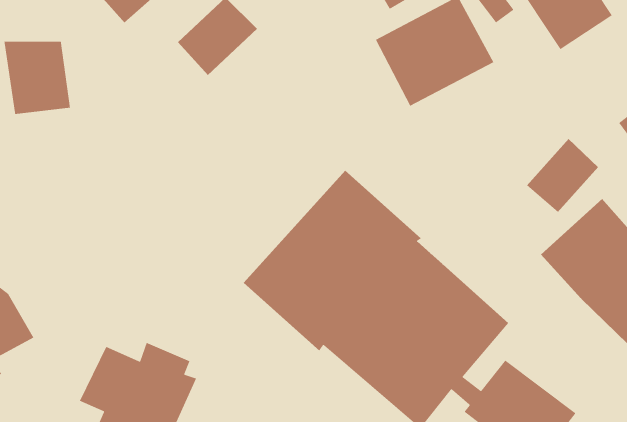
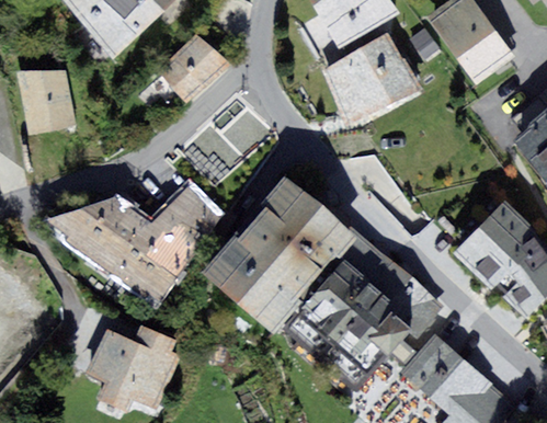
building: [526,138,599,213] -> none
building: none -> [50,191,221,299]

